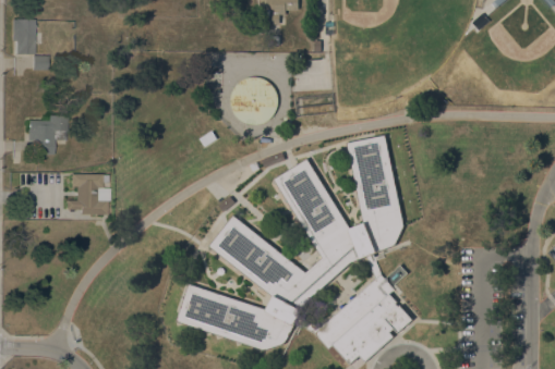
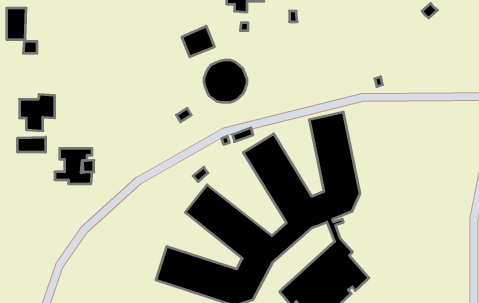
building: none -> [182,26,214,57]
building: none -> [18,137,46,152]

